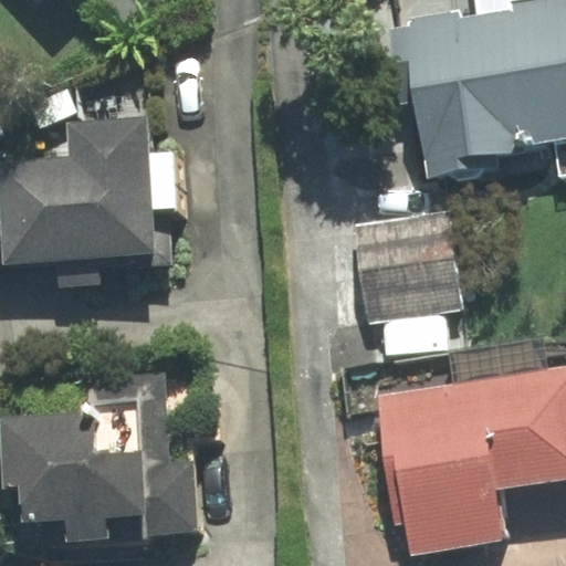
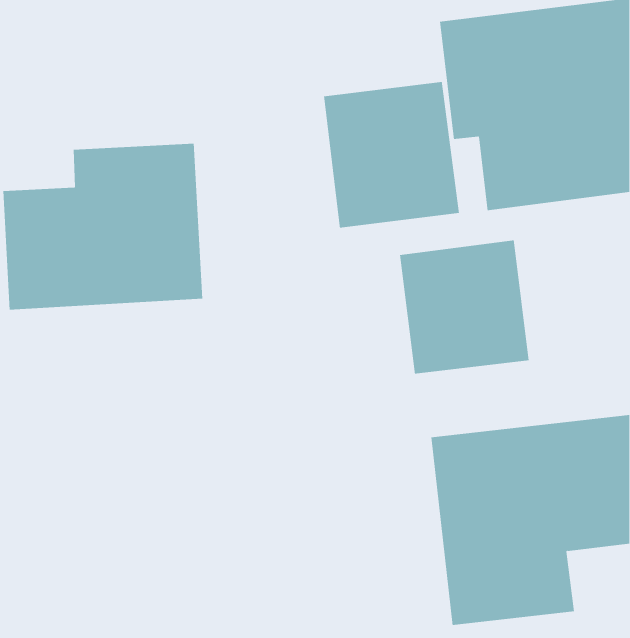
building: none -> [323,81,459,228]
building: [4,377,201,537] -> none

